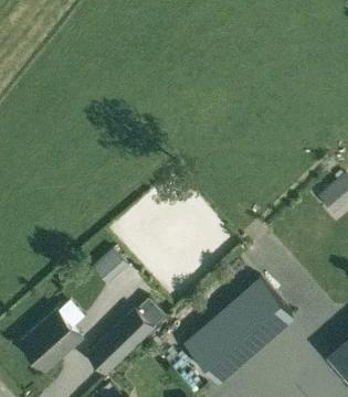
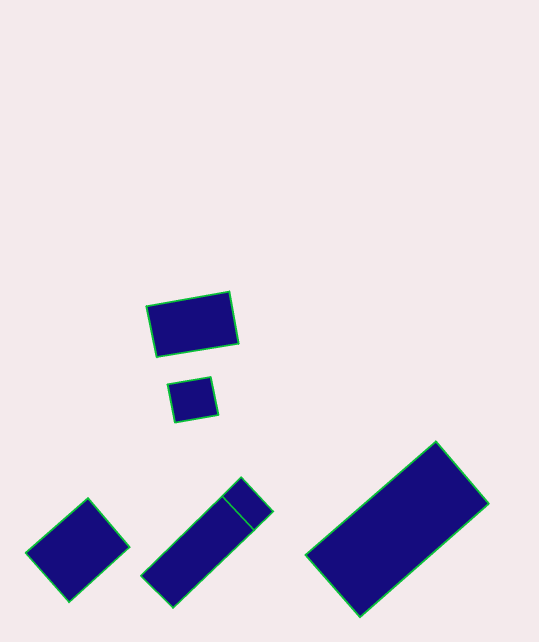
building: none -> [147,291,238,357]

